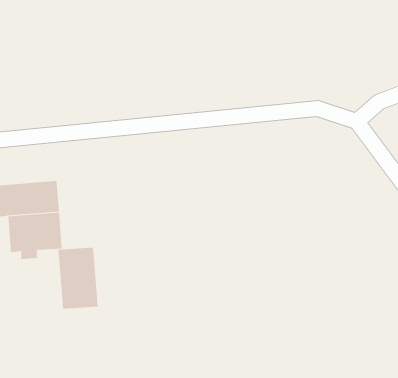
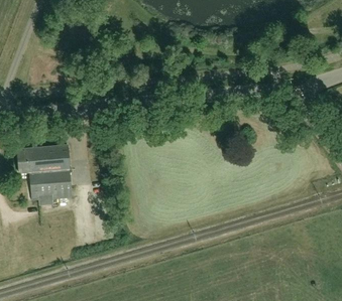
building: [58,247,98,310] -> none

